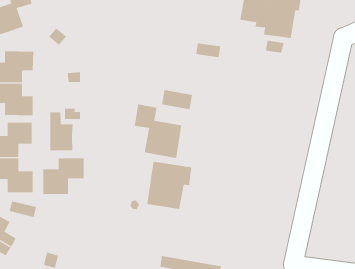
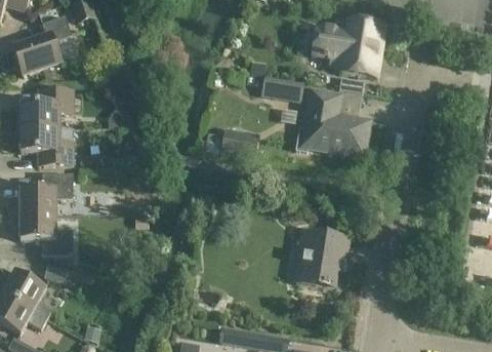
building: none -> [294,88,369,156]
building: [134,103,182,159] -> none
building: [50,112,73,151] -> none
building: [43,157,84,195] -> none
building: [147,161,192,210] -> [294,230,347,286]

